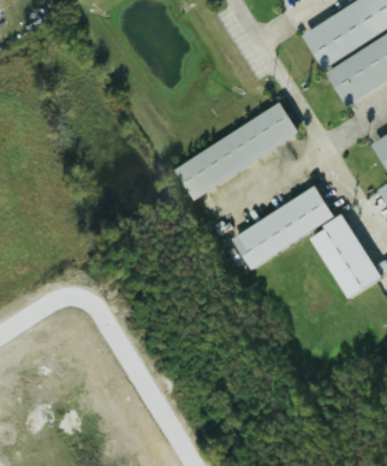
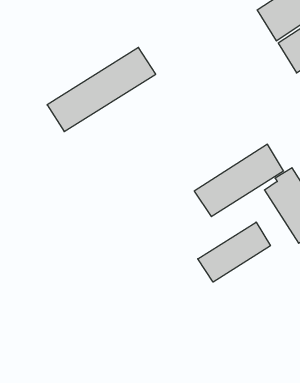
building: [178,102,300,197] -> [47,47,156,132]
building: none -> [198,222,270,282]

